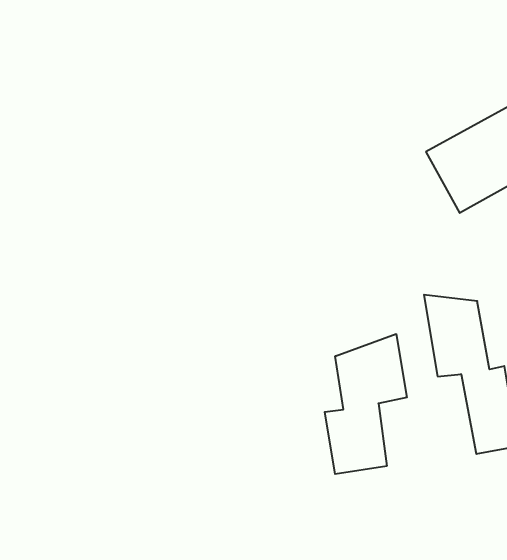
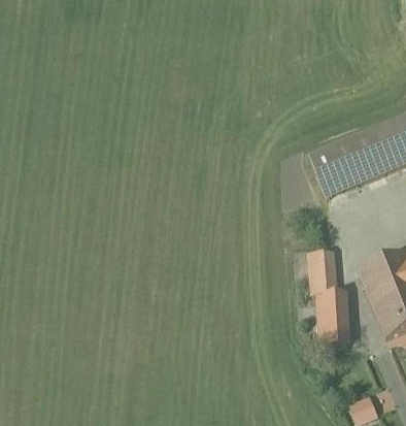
building: [325,334,407,474] -> none

